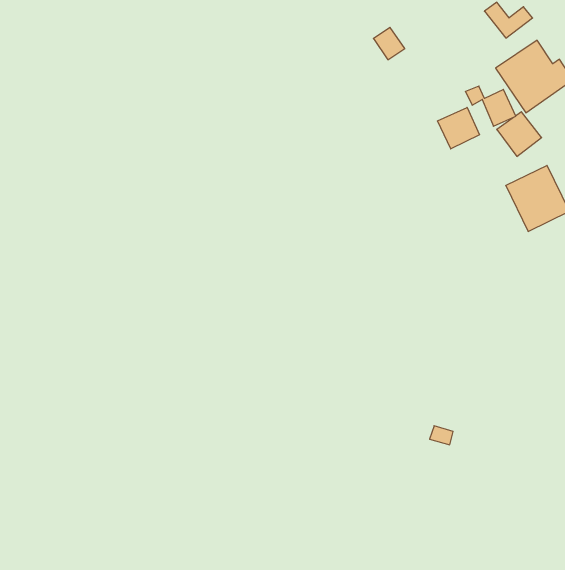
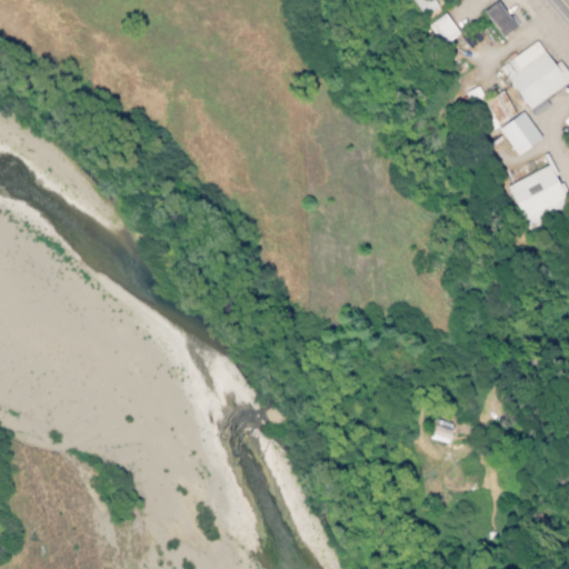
building: [373,27,405,60] -> [429,13,460,46]
building: [437,107,479,149] -> none

